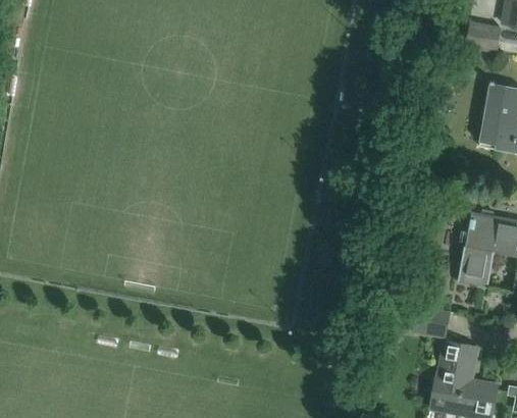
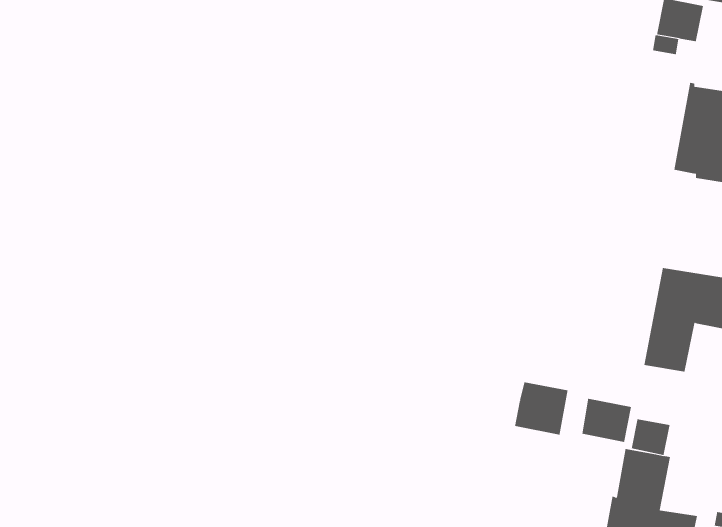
building: none -> [514,381,568,436]
building: none -> [631,419,670,456]

